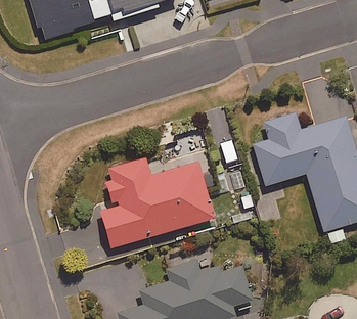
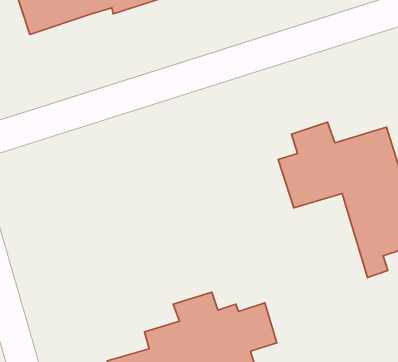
building: [98,157,213,247] -> none

